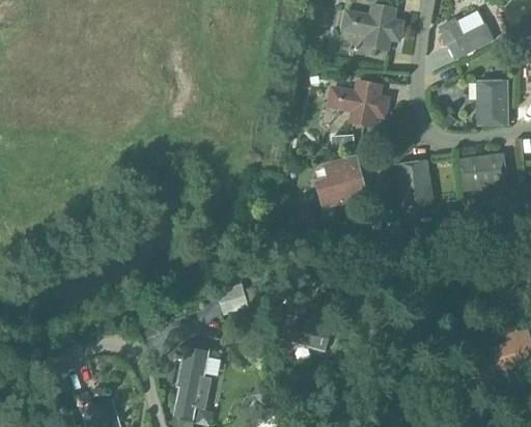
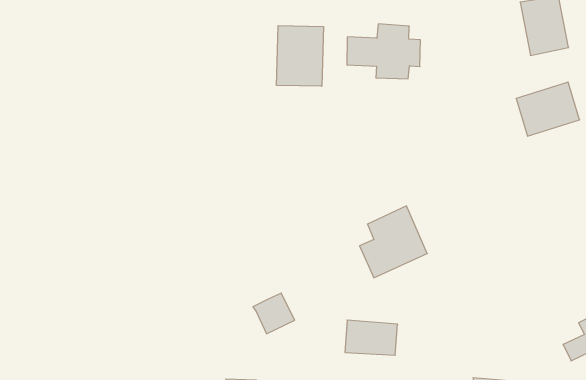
building: none -> [277,26,324,86]
building: [314,153,368,207] -> [360,206,427,278]
building: [394,160,435,208] -> none

